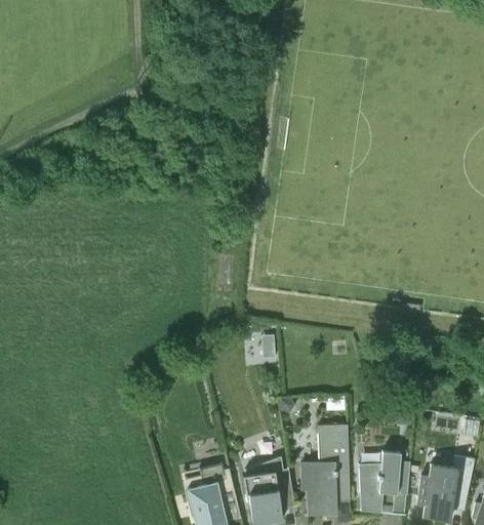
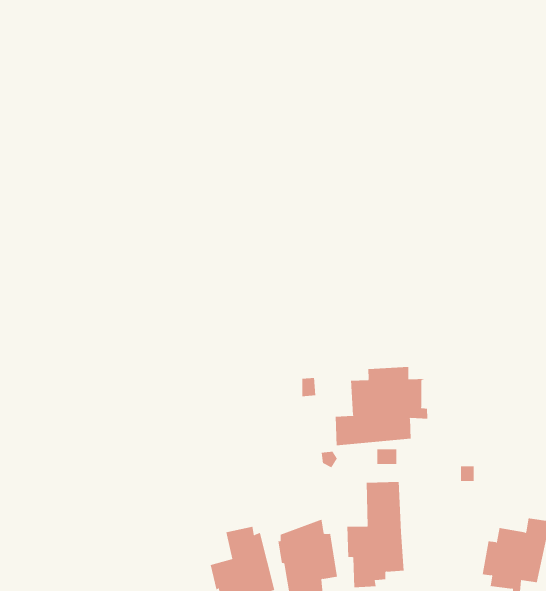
building: none -> [335,366,428,446]
building: [358,452,409,514] -> none

